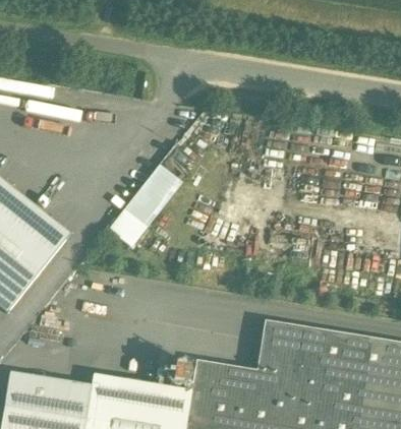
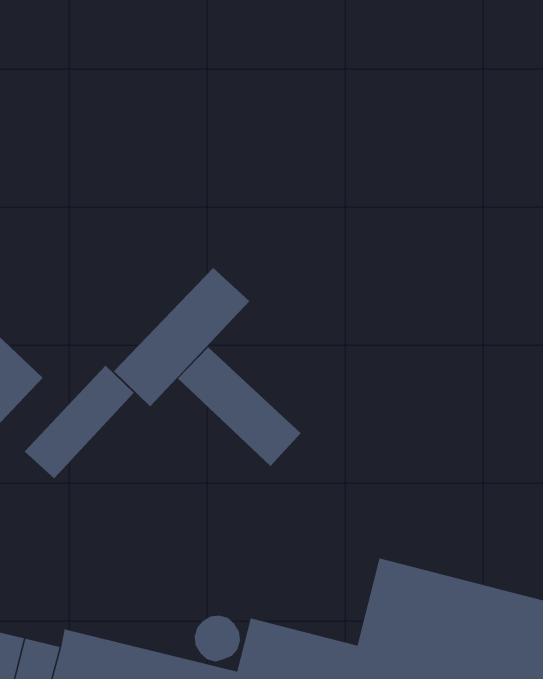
building: none -> [177,346,301,467]
building: none -> [24,365,134,479]

